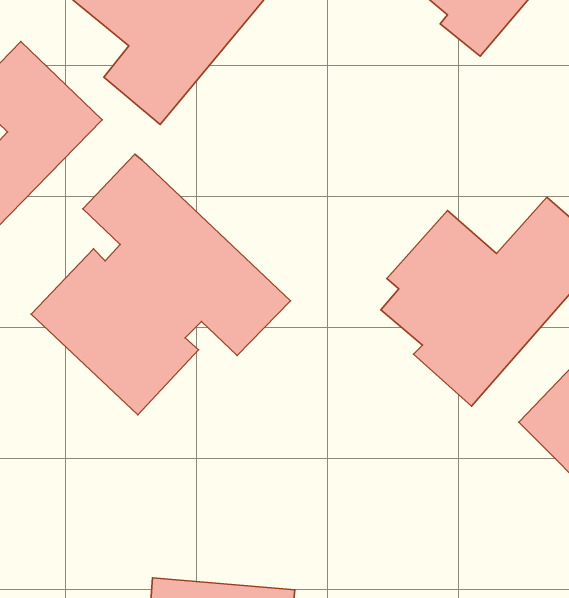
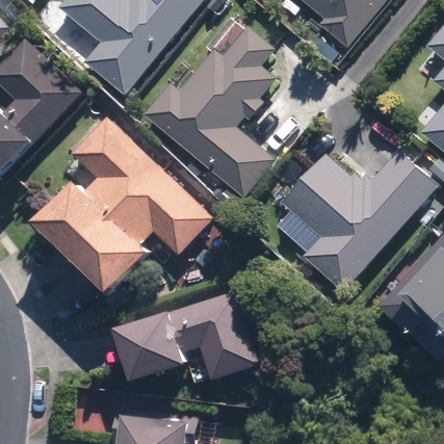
building: none -> [147,25,278,197]
building: none -> [116,290,263,385]

